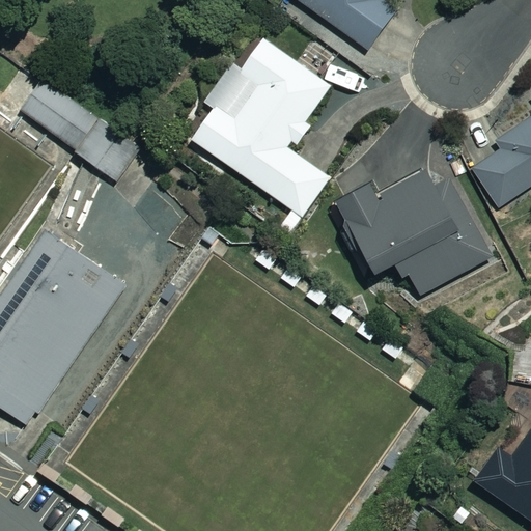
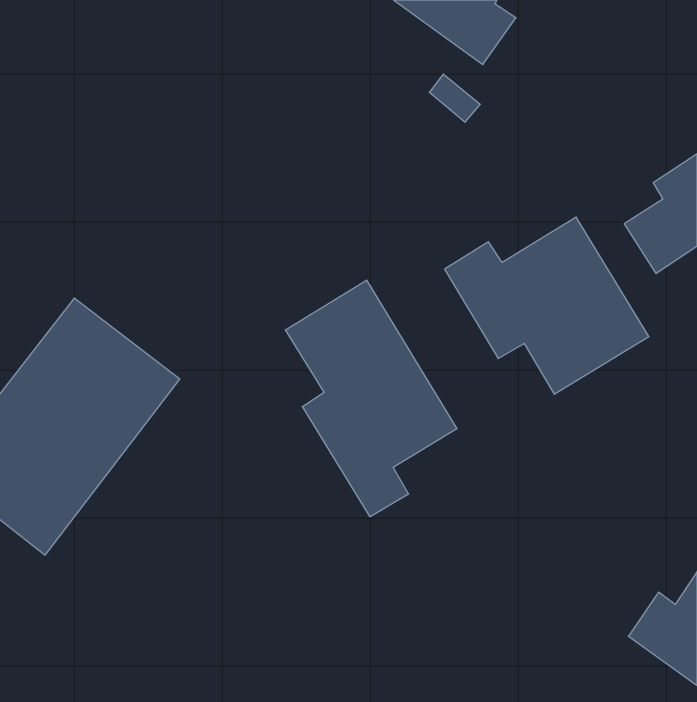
building: [191,39,329,217] -> none
building: [20,78,139,180] -> none
building: none -> [285,280,457,517]

